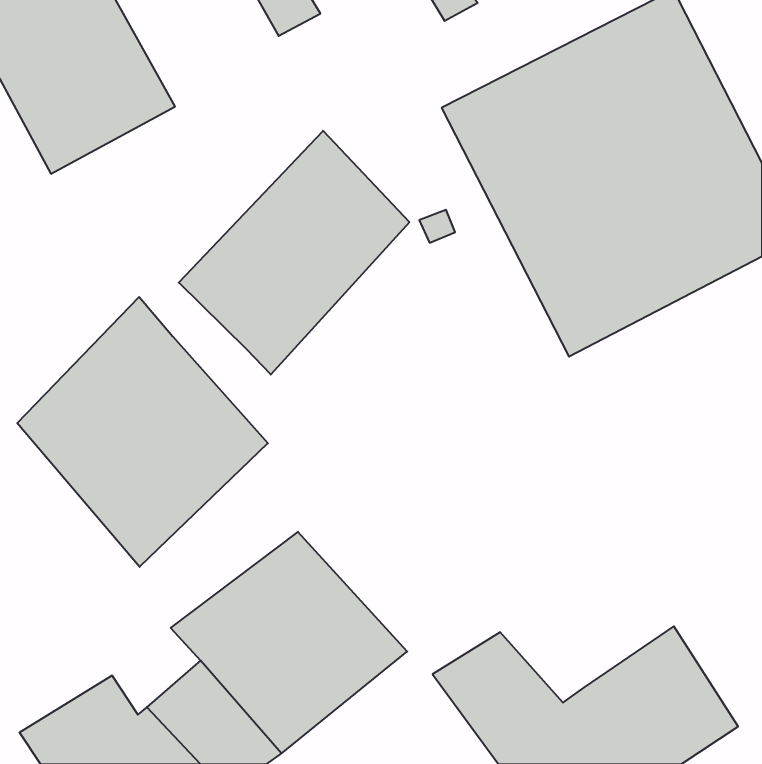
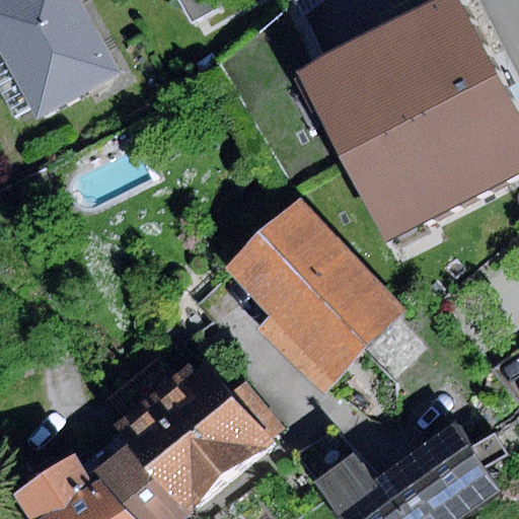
building: [179,131,409,375] -> none
building: none -> [225,197,411,396]
building: [17,297,268,567] -> none

